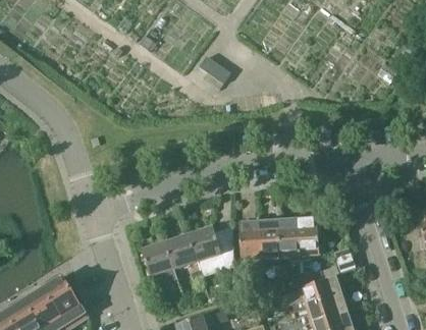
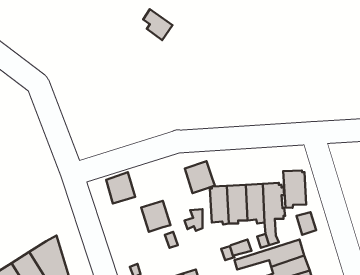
building: [199,55,230,89] -> [143,9,172,40]
building: none -> [283,170,306,208]
building: [189,227,221,262] -> [185,161,215,193]
building: [142,242,173,276] -> [106,172,135,203]

